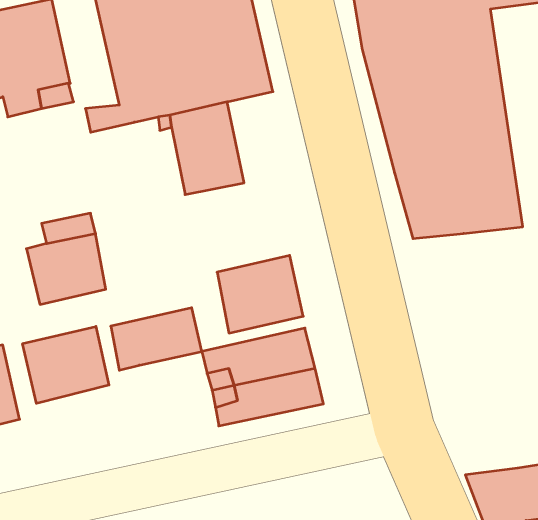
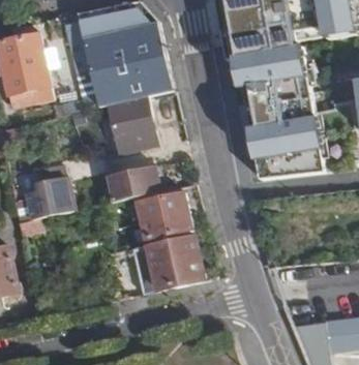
building: [111,308,202,370] -> [106,163,161,202]
building: [23,326,109,403] -> none

